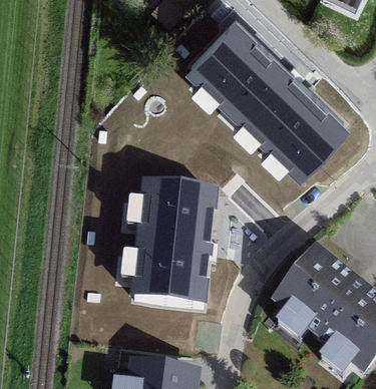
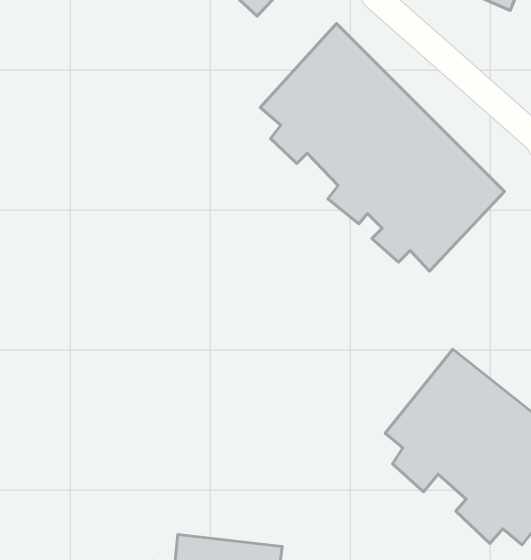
building: [119,176,219,300] -> none

